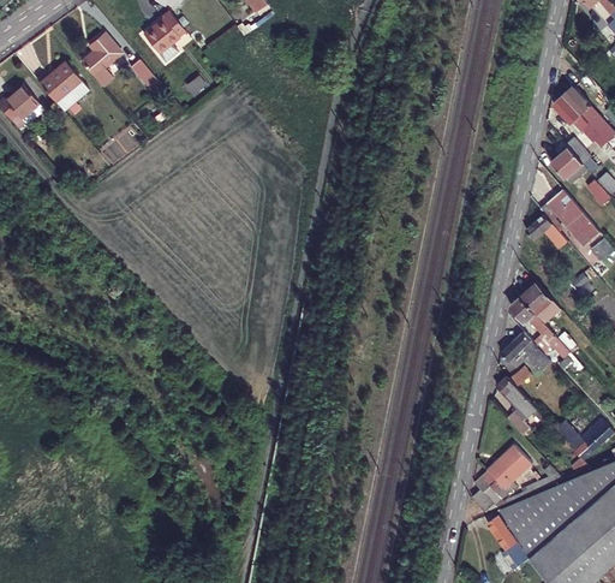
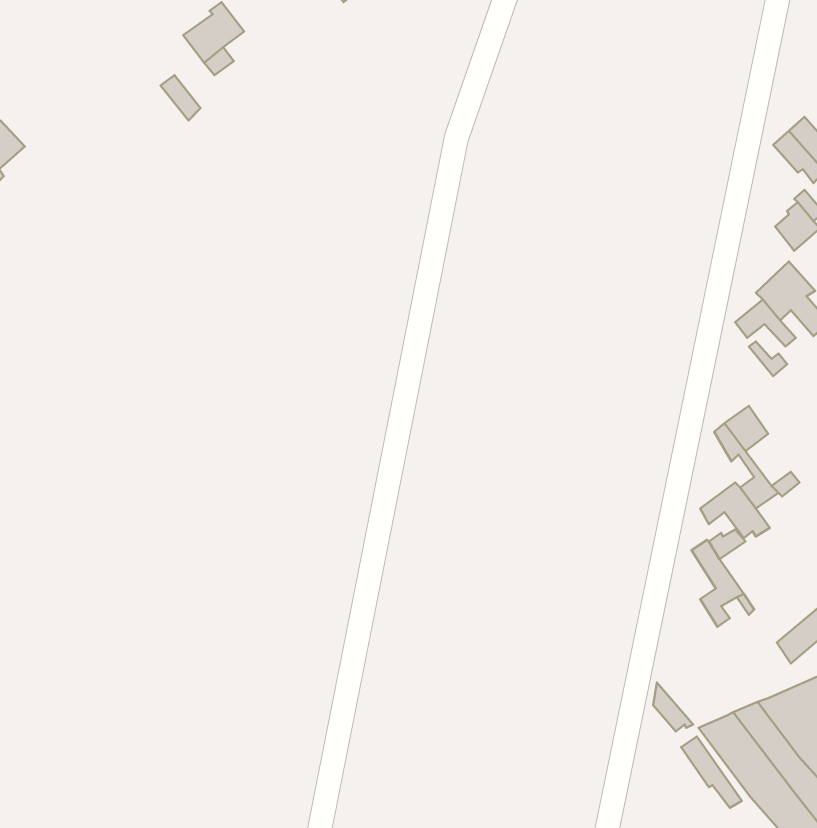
building: [80,31,121,85] -> none
building: [34,63,85,112] -> none
building: [480,453,525,492] -> none

